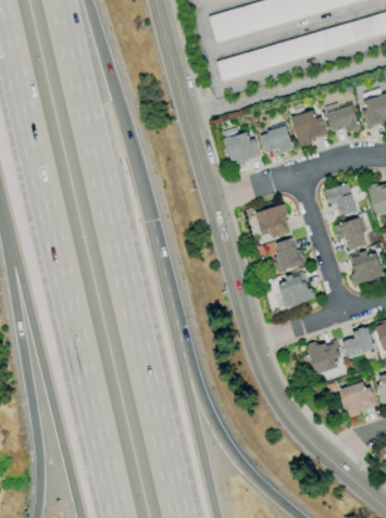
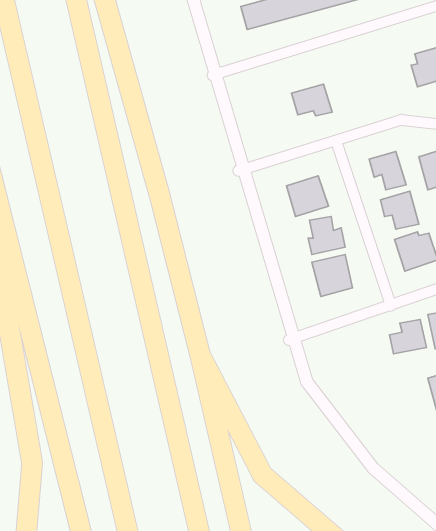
building: [324,103,360,134] -> none
building: [291,112,326,143] -> none
building: [224,128,258,165] -> none
building: [307,340,340,374] -> none
building: [340,382,377,416] -> none

